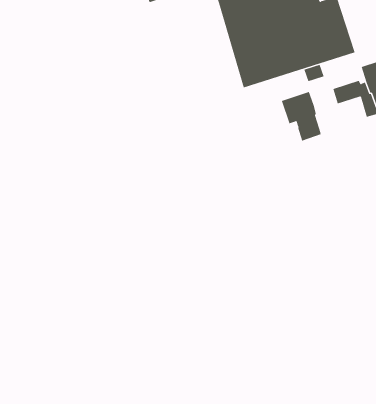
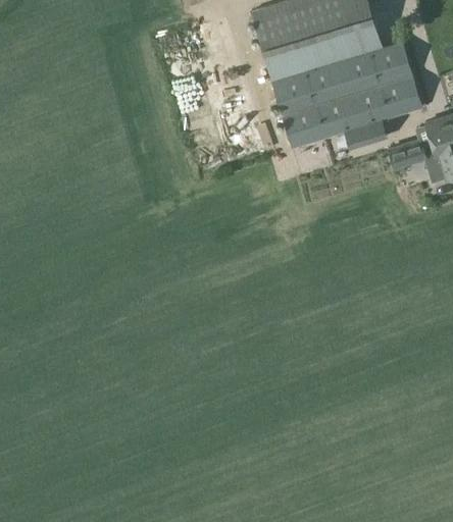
building: [281,91,322,141] -> none

